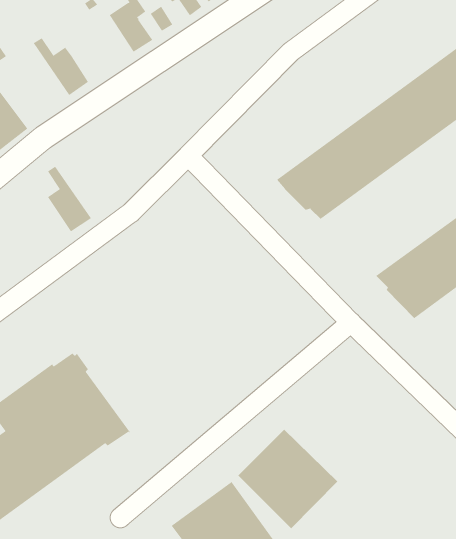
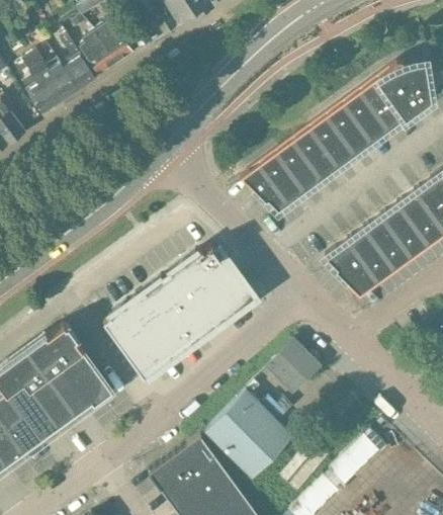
building: none -> [81,33,116,77]
building: none -> [61,38,96,91]
building: [47,166,92,232] -> [22,58,61,115]
building: none -> [104,248,256,380]
building: none -> [266,341,321,396]

